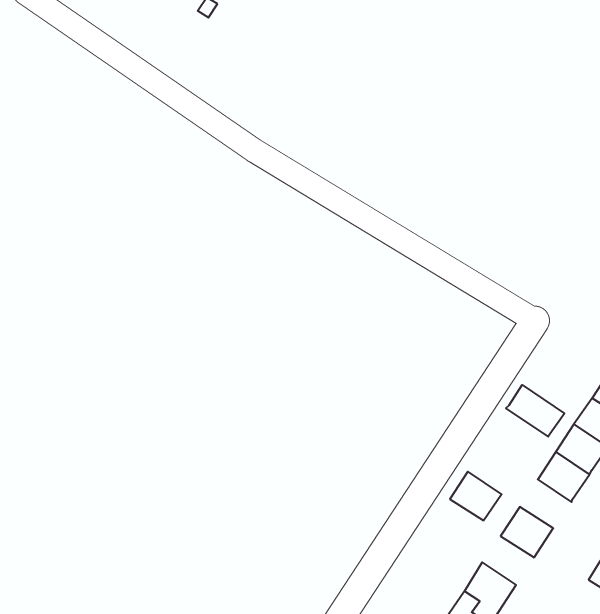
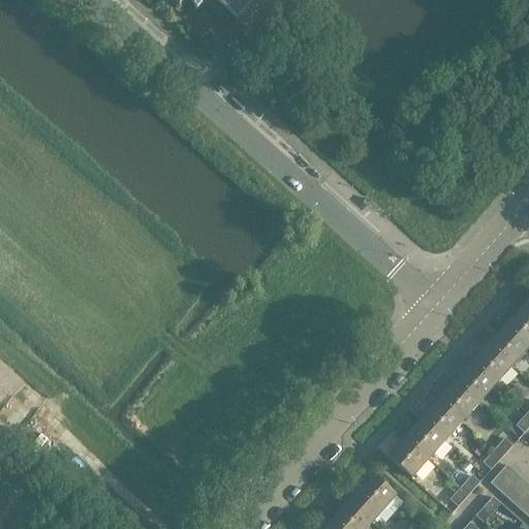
building: [506,385,564,437] -> none
building: [450,472,502,520] -> [408,417,447,456]

